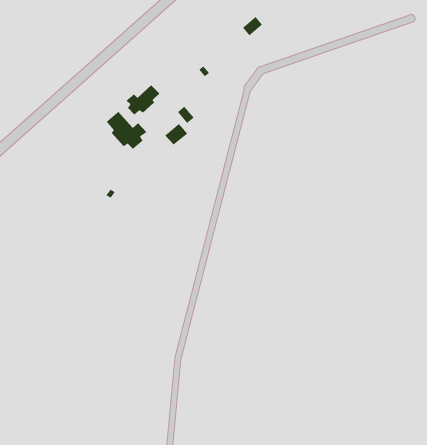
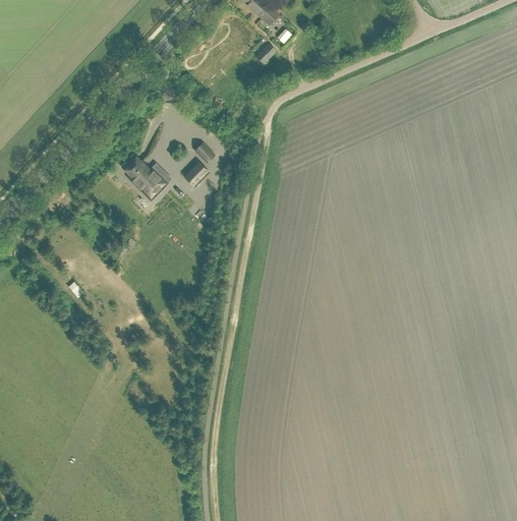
building: [125,84,160,116] -> none

